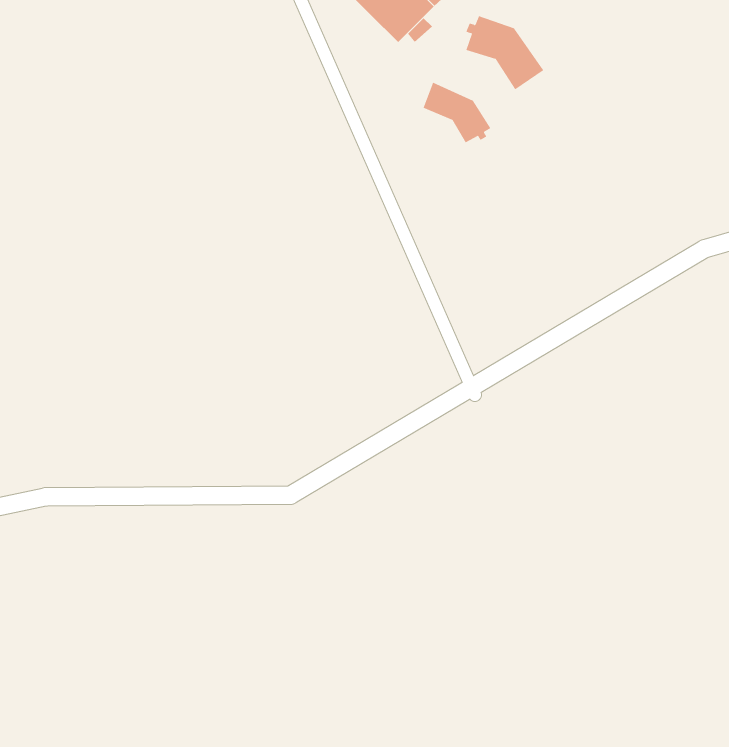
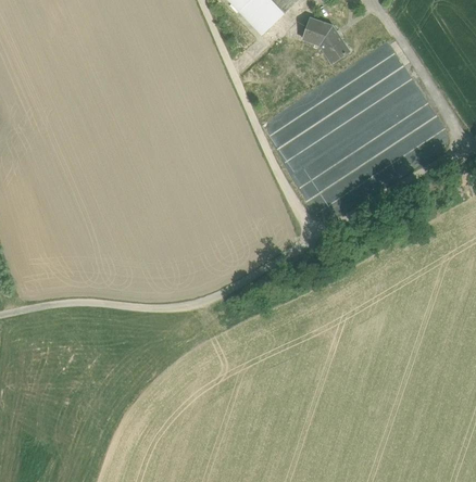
building: [423,82,491,143] -> none

